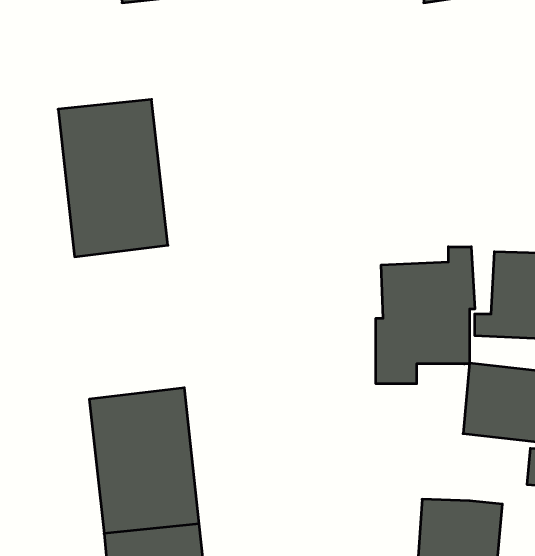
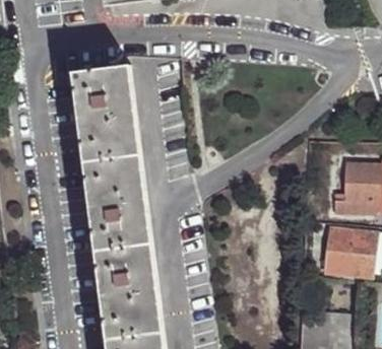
building: none -> [82,155,150,251]
building: [376,247,475,384] -> none

